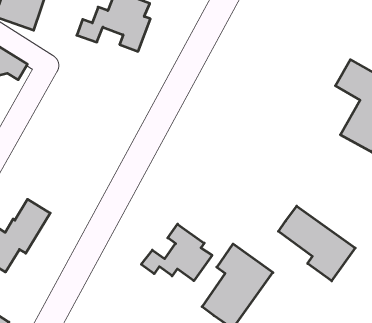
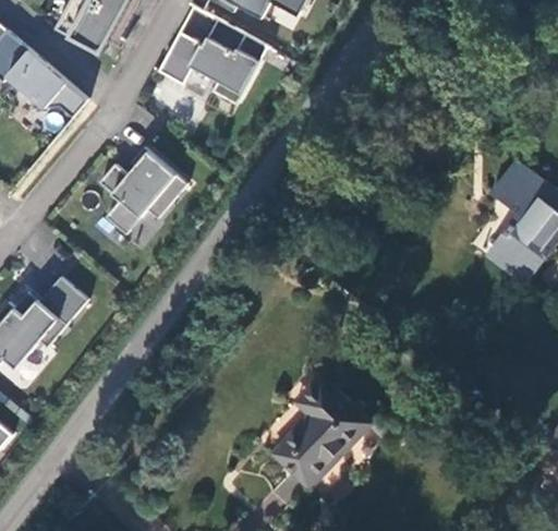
building: none -> [100,146,189,234]
building: [278,206,355,281] -> none
building: [141,224,212,281] -> none

